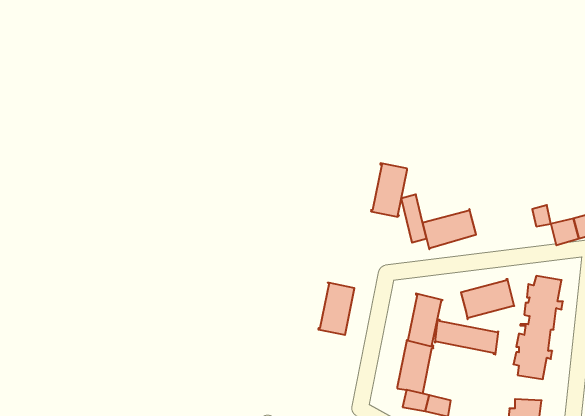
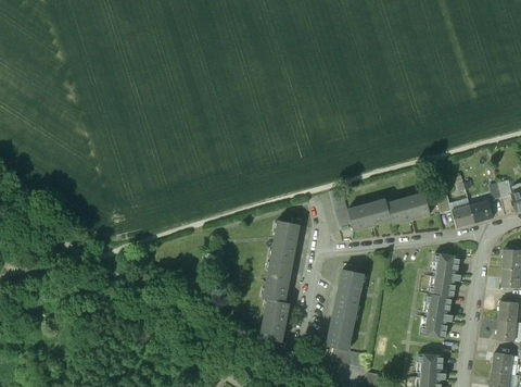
building: [371,163,407,217] -> [270,221,300,264]
building: [461,279,514,319] -> [386,194,430,226]
building: [435,319,498,355] -> none
building: none -> [260,299,290,341]

